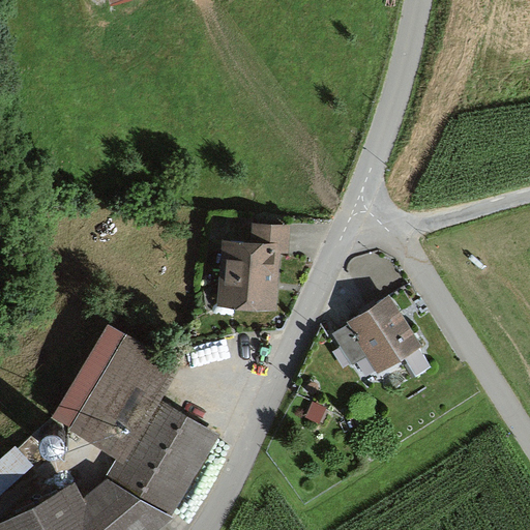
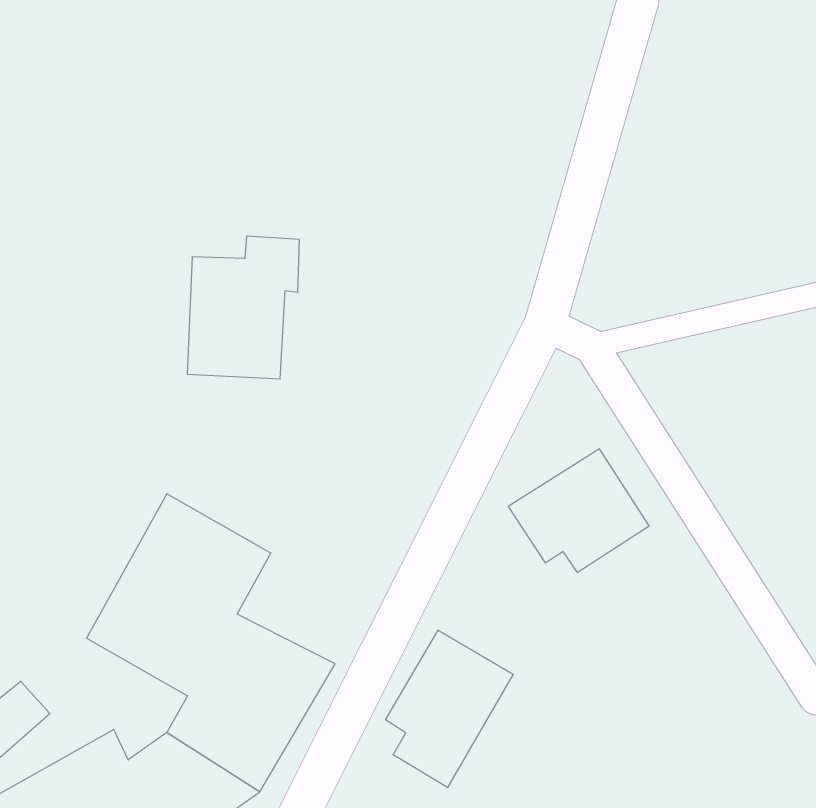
building: [216,224,289,316] -> [187,236,299,379]
building: none -> [386,630,513,788]

